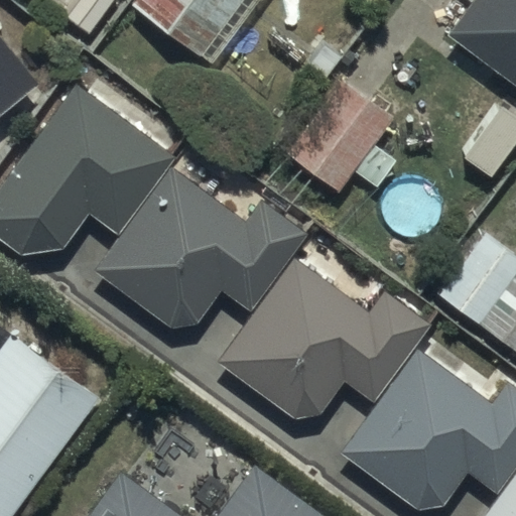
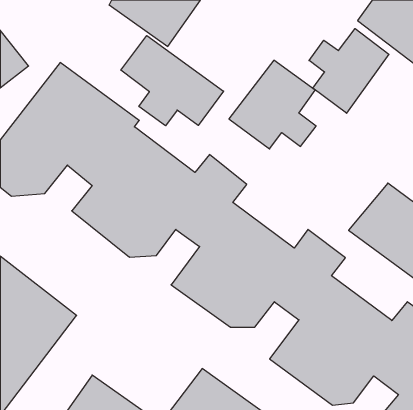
building: none -> [309,29,389,113]
building: none -> [121,36,224,126]

